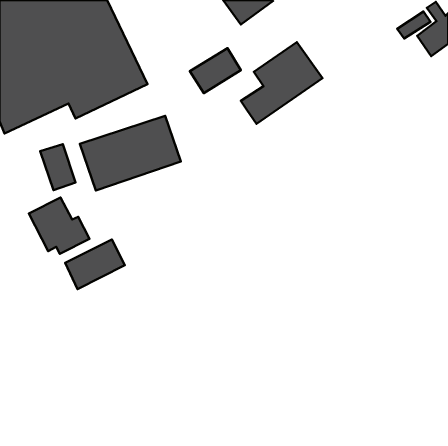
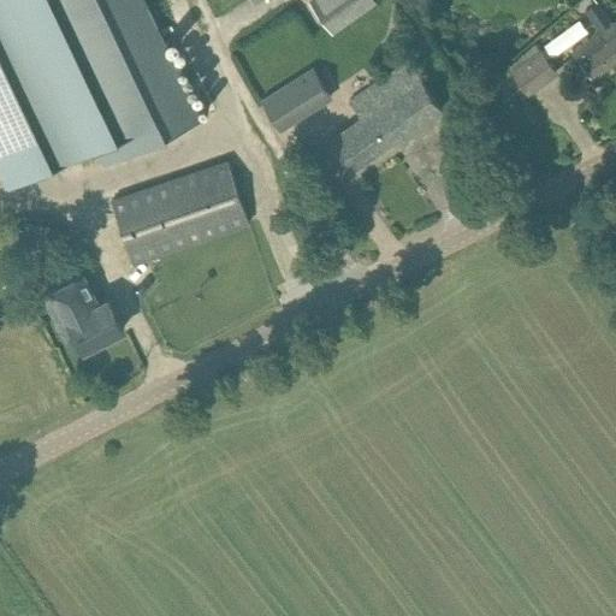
building: none -> [510,52,555,95]
building: [40,144,76,190] -> none
building: [65,240,125,289] -> none

